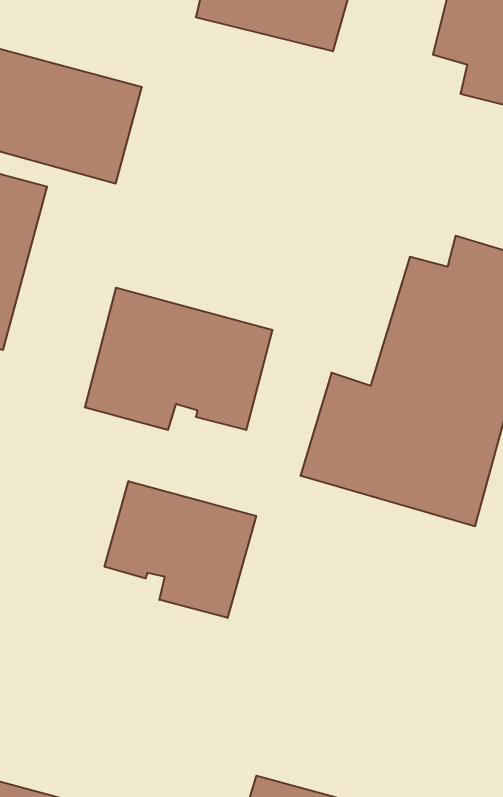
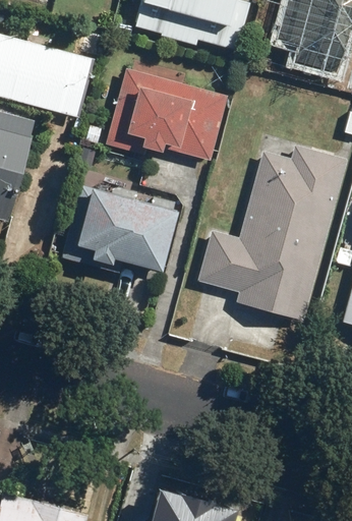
building: none -> [104,66,227,159]
building: [105,481,256,618] -> none

